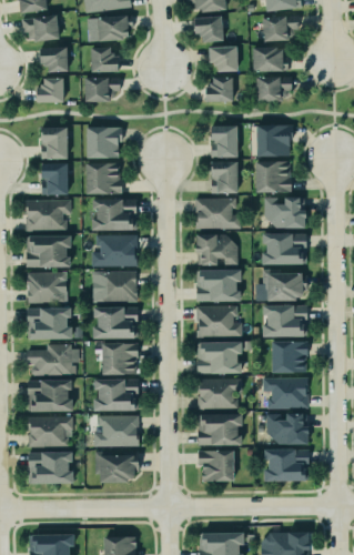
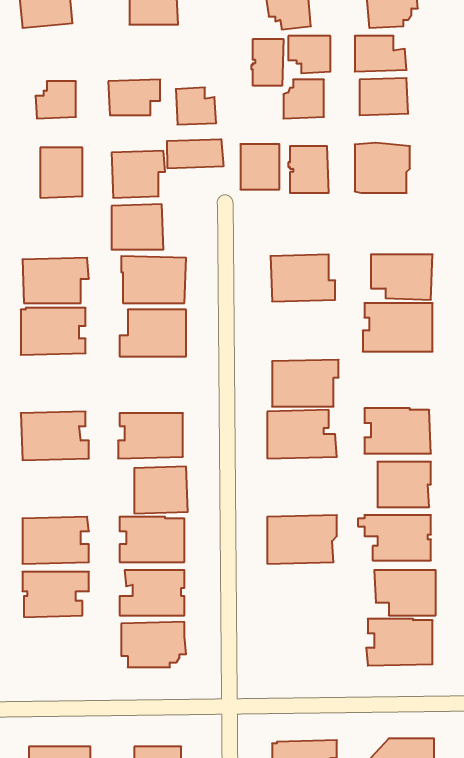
building: [39,48,68,73] -> none
building: [92,48,120,73] -> [176,87,216,125]
building: none -> [252,39,283,86]
building: none -> [167,139,223,168]
building: [210,160,236,191] -> [240,144,279,189]
building: [41,161,68,194] -> none
building: [256,161,292,192] -> none
building: [198,236,240,265] -> none
building: [254,268,305,299] -> none
building: [27,271,65,302] -> none
building: [94,272,138,303] -> none
building: [195,340,240,373] -> none
building: [26,343,78,374] -> none
building: [196,412,241,444] -> none
building: [27,450,73,482] -> none
building: [199,451,235,482] -> none

